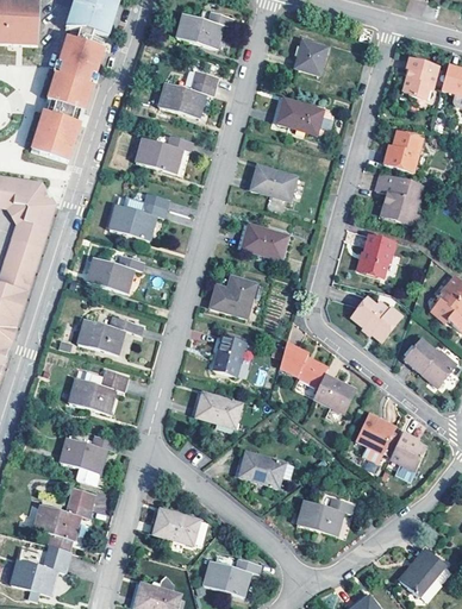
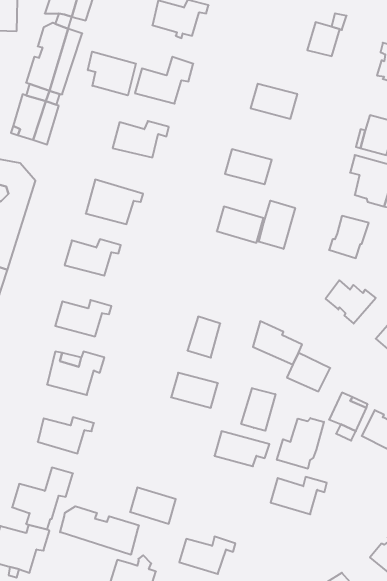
building: [294,40,327,75] -> [307,22,340,56]
building: none -> [88,52,136,95]
building: none -> [259,201,295,249]
building: [213,276,257,319] -> none
building: none -> [241,388,275,431]
building: none -> [277,418,324,469]
building: none -> [60,506,139,555]

